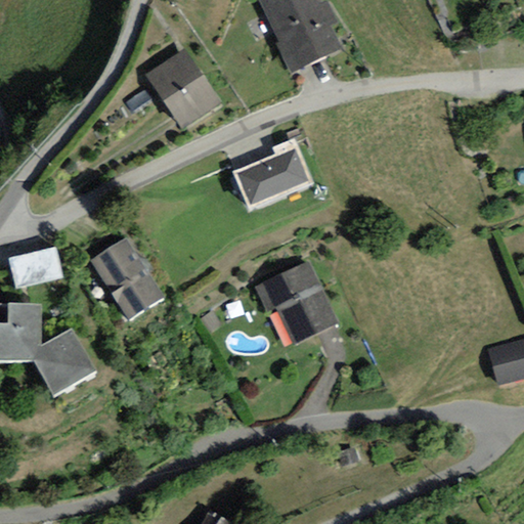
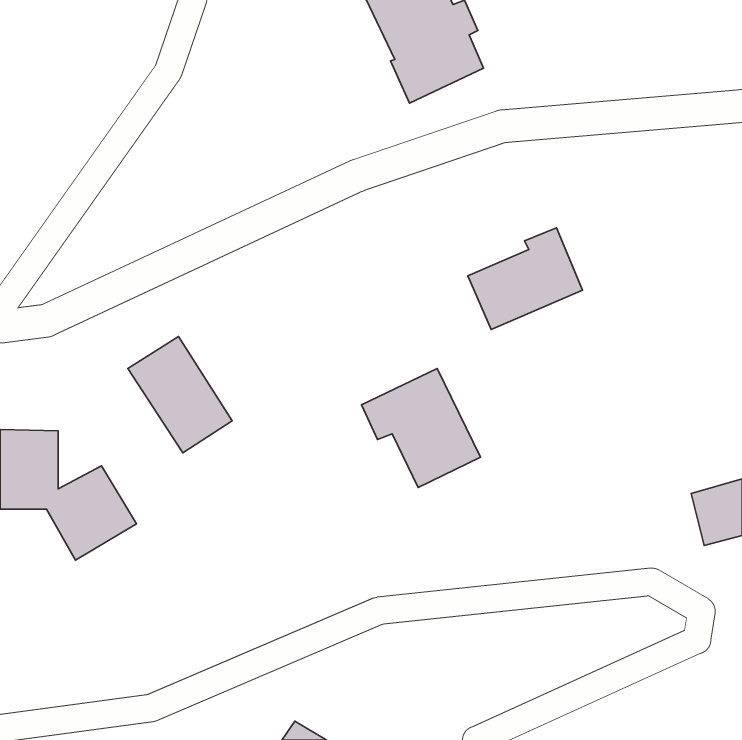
building: [146,48,222,130] -> none
building: [232,138,313,210] -> [468,228,583,329]
building: [8,246,64,289] -> none

